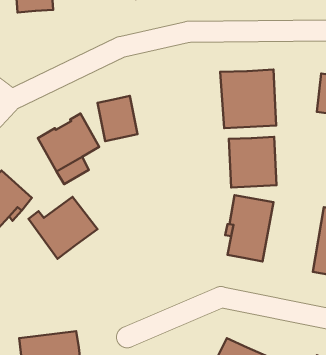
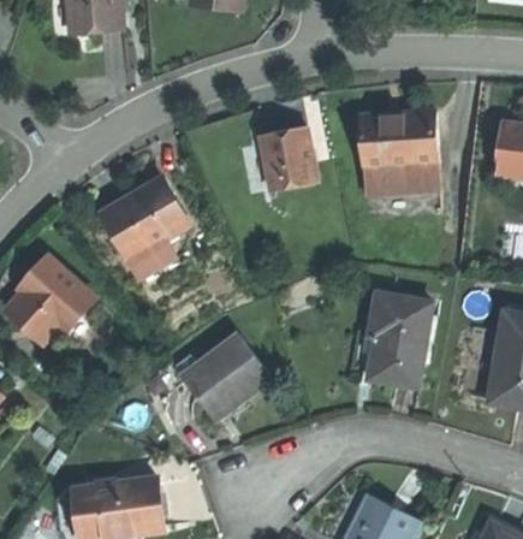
building: [97,96,137,141] -> [258,129,315,192]
building: [229,137,276,187] -> none
building: [28,197,97,259] -> [173,332,271,420]

